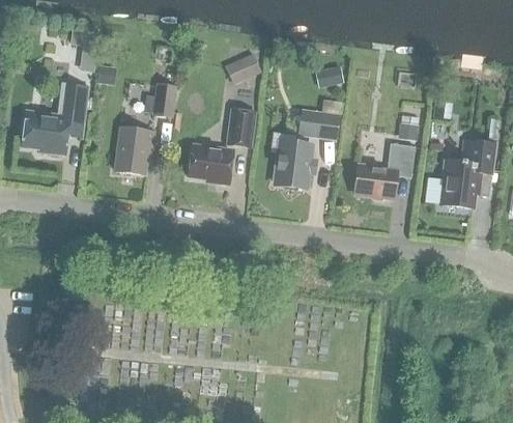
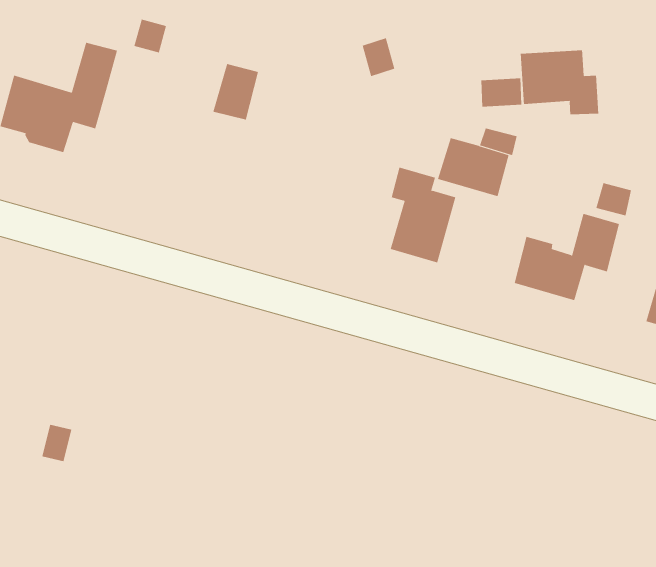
building: none -> [520,50,599,115]
building: [188,109,255,181] -> none
building: [115,128,153,174] -> none

